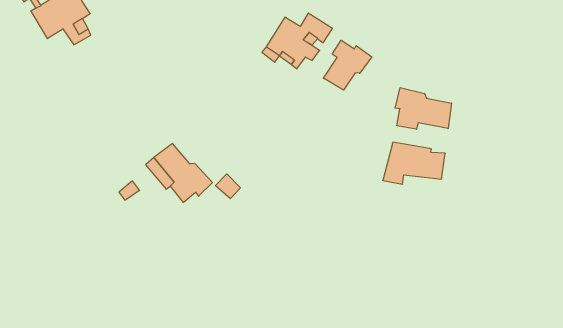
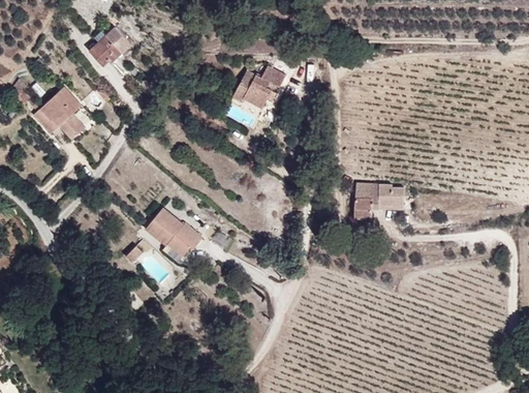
building: [323,40,372,90] -> none
building: [395,88,452,129] -> none

